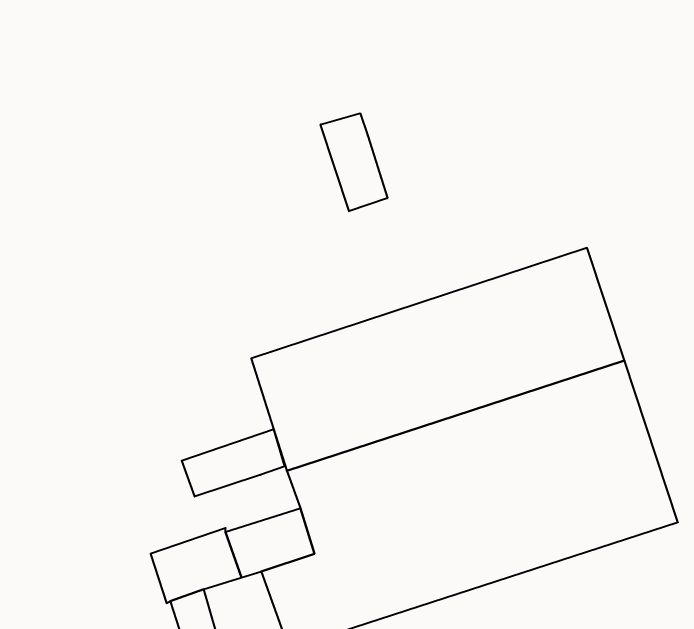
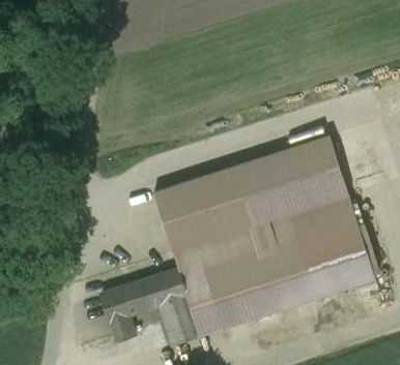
building: [321,113,387,211] -> none
building: [182,429,285,497] -> none

